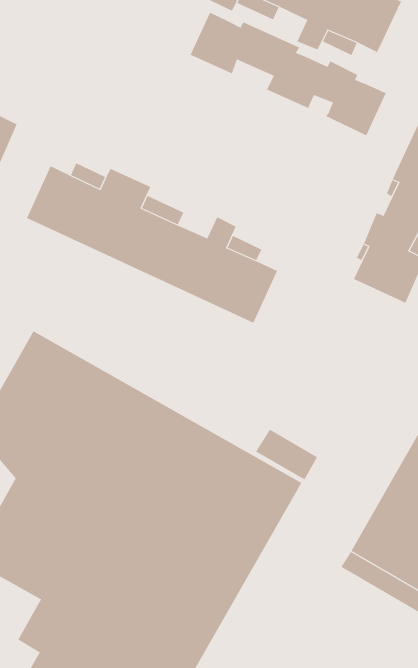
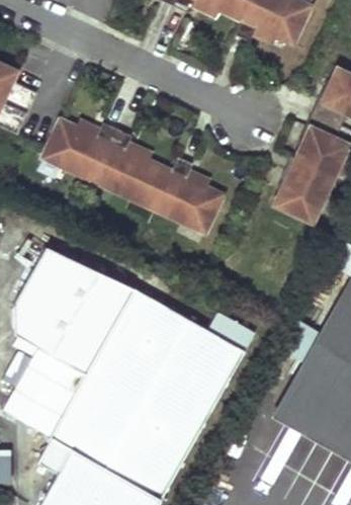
building: [190,12,387,136] -> none

